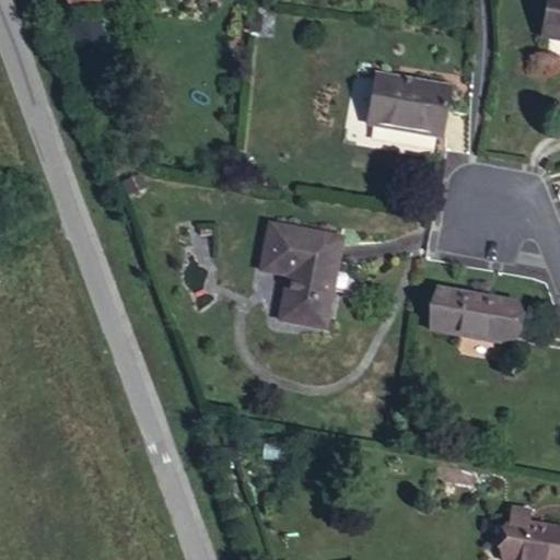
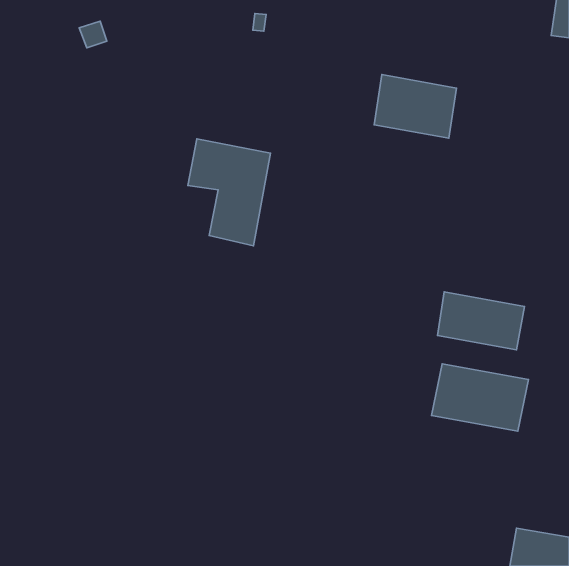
building: [260,223,341,328] -> [188,139,270,246]
building: none -> [432,364,529,431]

